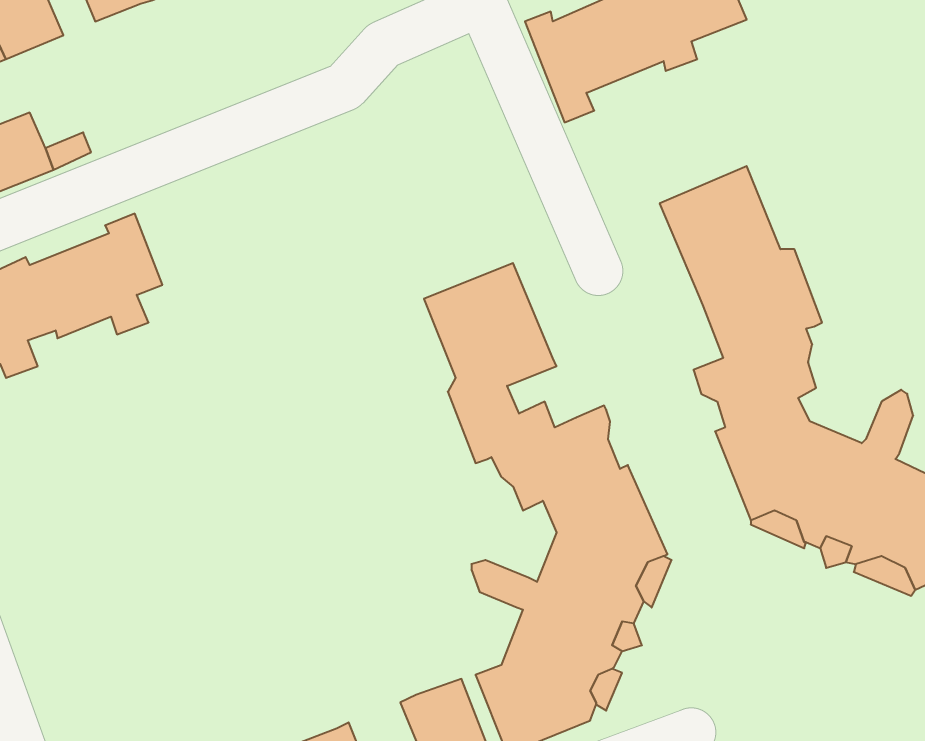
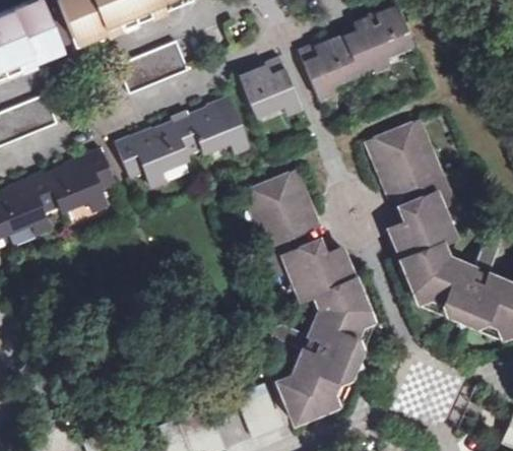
building: none -> [118,42,189,92]
building: none -> [242,57,301,114]
building: none -> [115,99,250,184]

